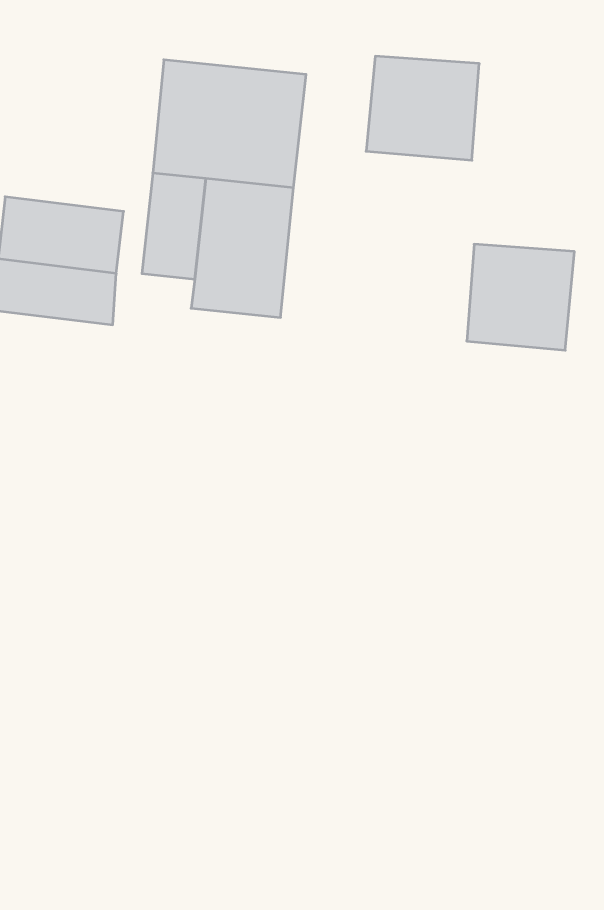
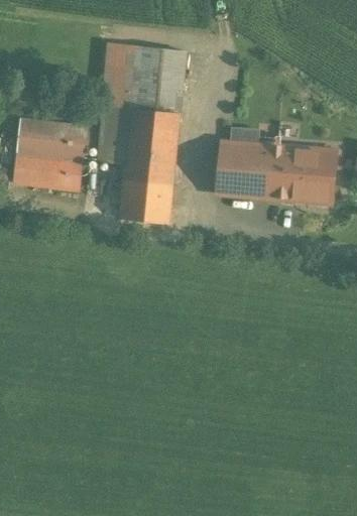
building: [366,56,479,160] -> [217,140,279,198]
building: none -> [120,179,172,222]

